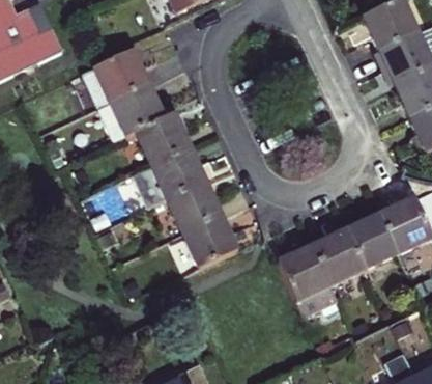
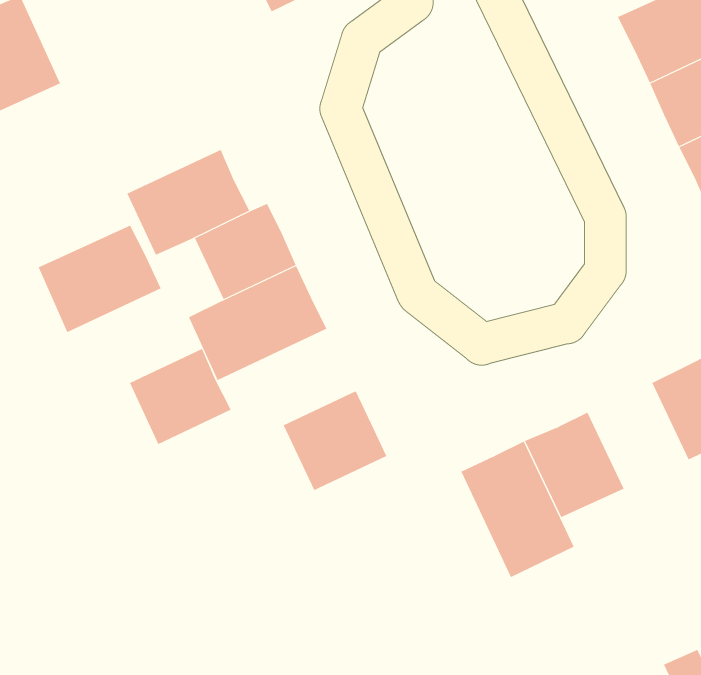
building: [83,50,149,108] -> [38,225,161,333]
building: [167,181,222,232] -> [129,348,231,445]
building: [346,210,400,267] -> none

